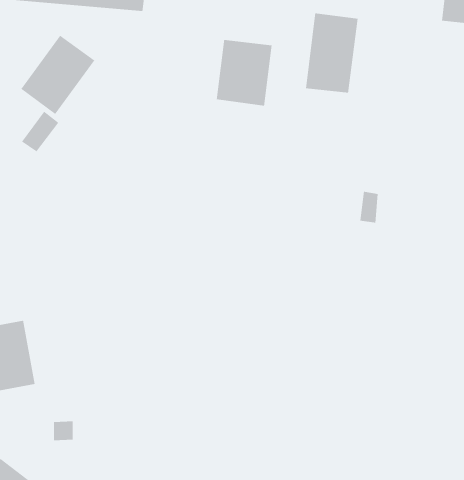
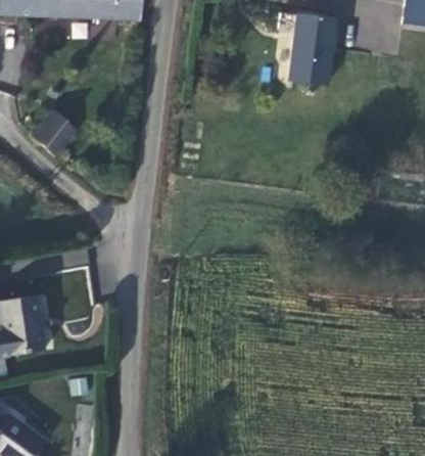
building: [20,35,95,115] -> none
building: [216,39,272,106] -> none

